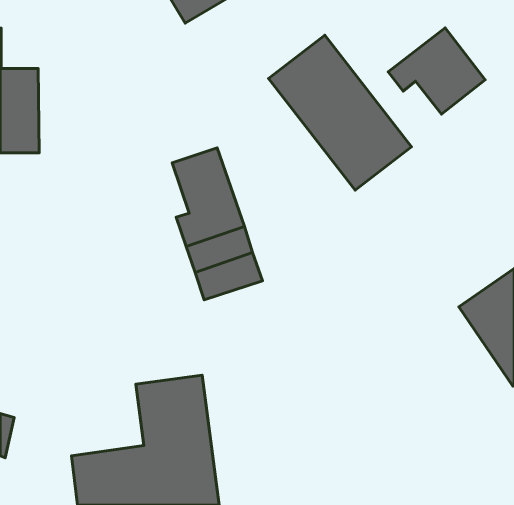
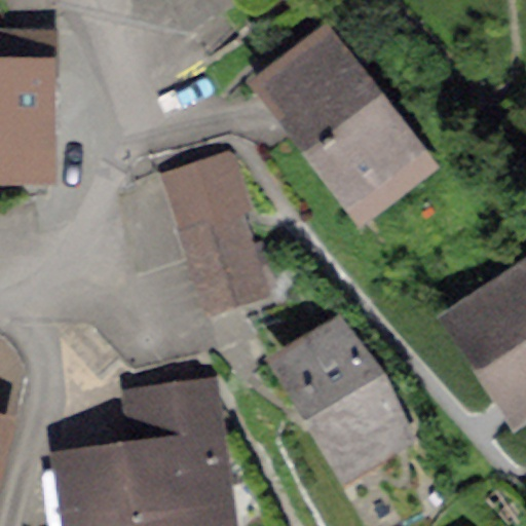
building: [388,28,485,114] -> none
building: none -> [288,322,408,460]

